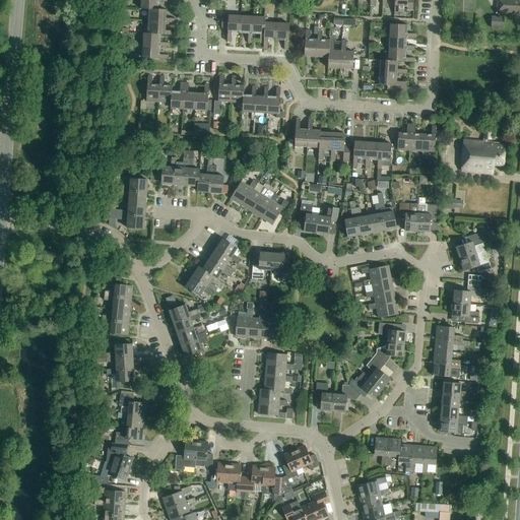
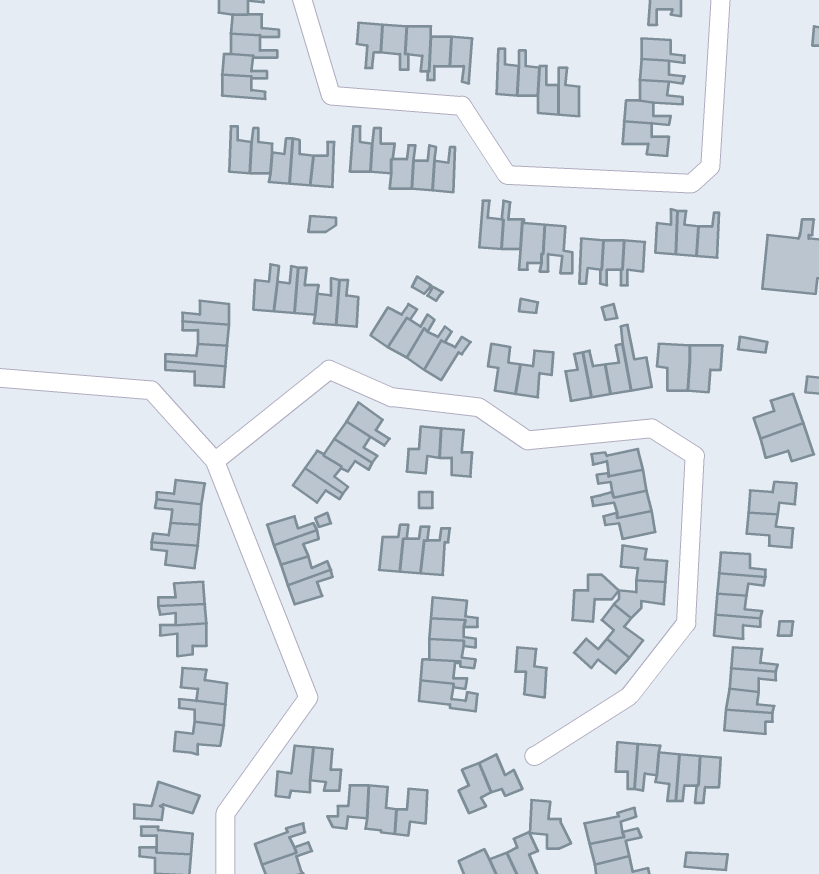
building: [332,385,360,412] -> [572,575,619,622]
building: [105,443,132,469] -> none
building: [262,466,286,495] -> [530,800,571,848]

